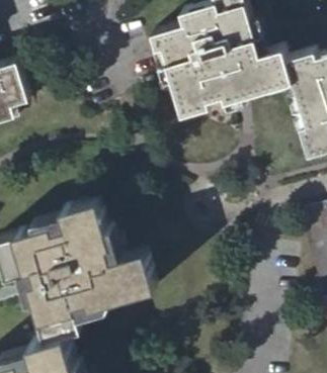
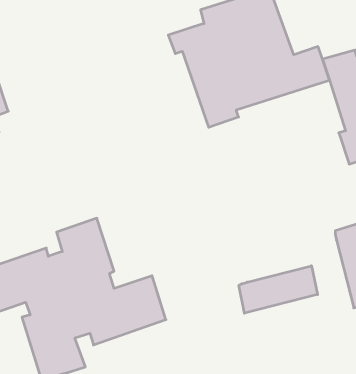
building: none -> [239,266,318,313]

